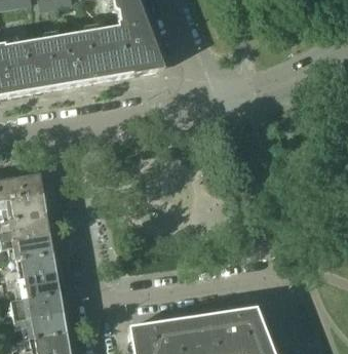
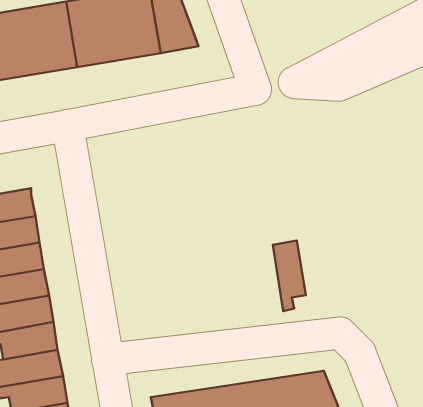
building: none -> [273,240,306,311]

